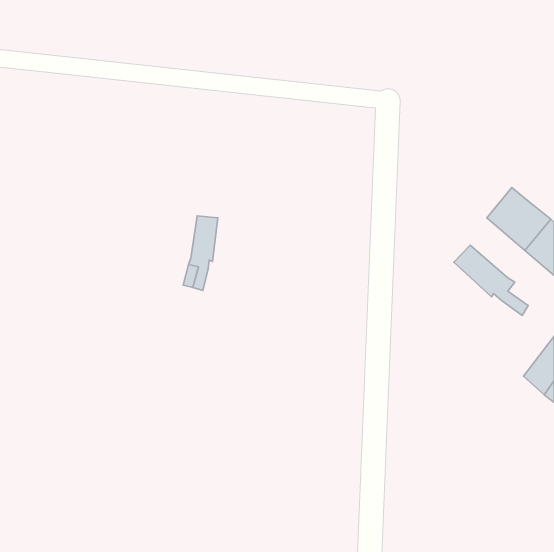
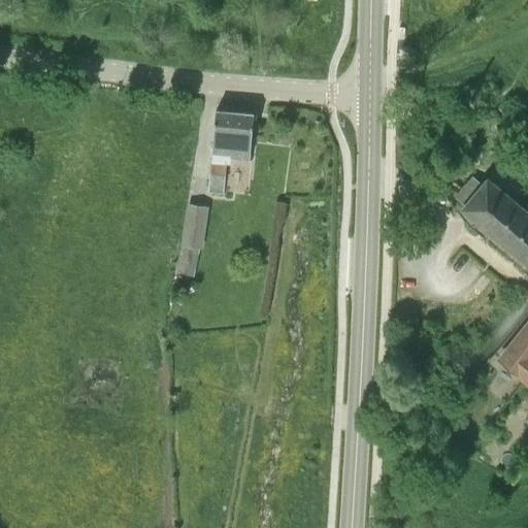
building: none -> [207,111,254,201]
building: [454,245,528,316] -> none

